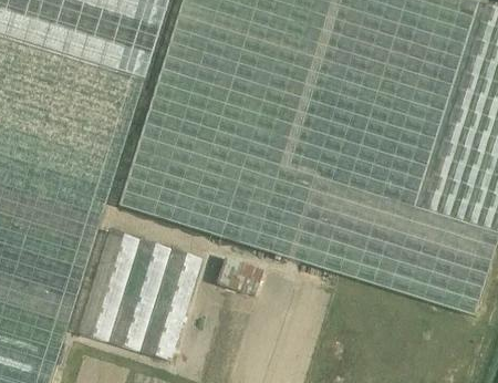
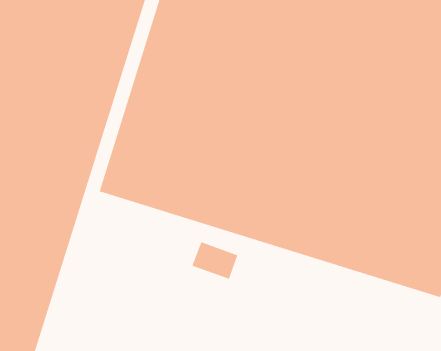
building: [76,229,201,360] -> none

